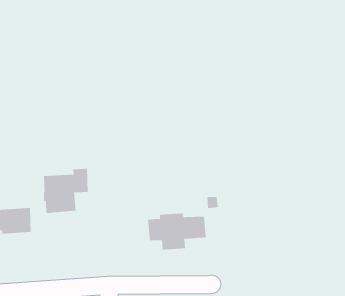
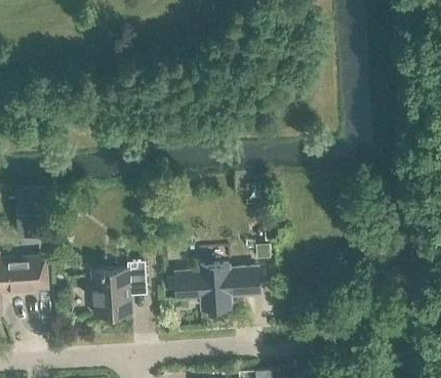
building: [43,168,89,213] -> [91,261,146,316]

